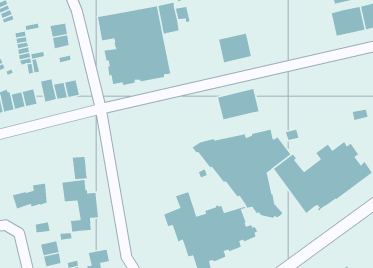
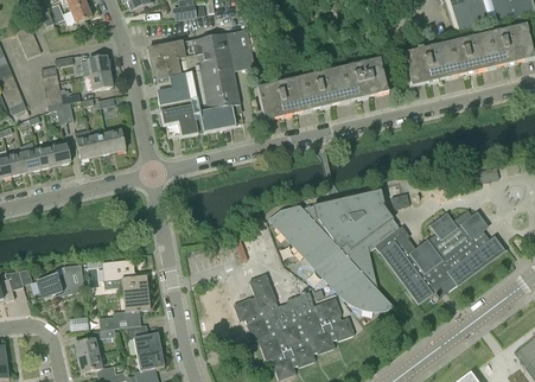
building: none -> [402,43,457,85]
building: none -> [340,59,386,100]
building: [217,88,259,120] -> [256,77,311,119]
building: [72,156,88,180] -> none
building: none -> [125,324,160,354]

